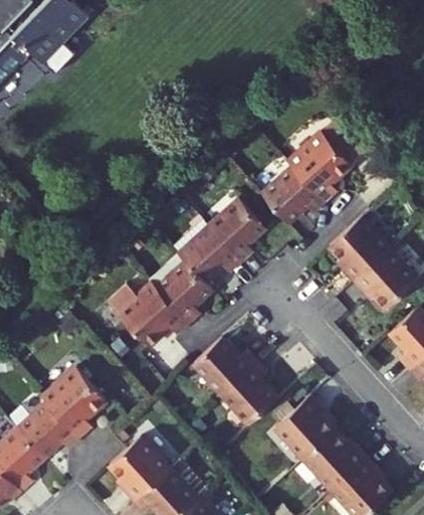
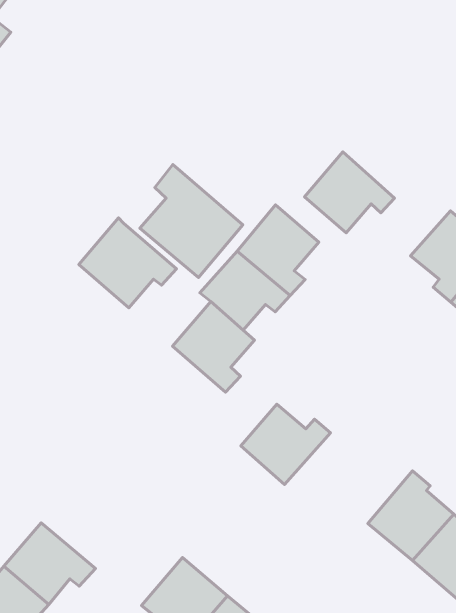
building: [290,133,352,202] -> none
building: none -> [140,165,243,278]
building: [120,283,188,347] -> [79,218,177,308]
building: [221,362,278,425] -> none
building: [42,366,105,437] -> none

